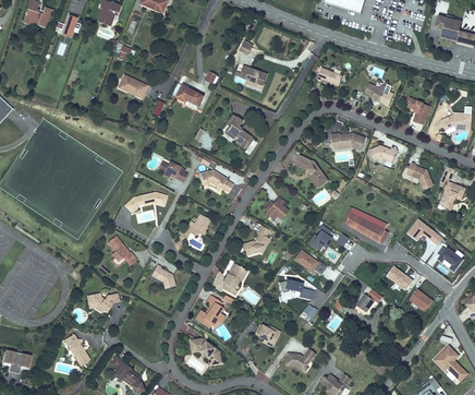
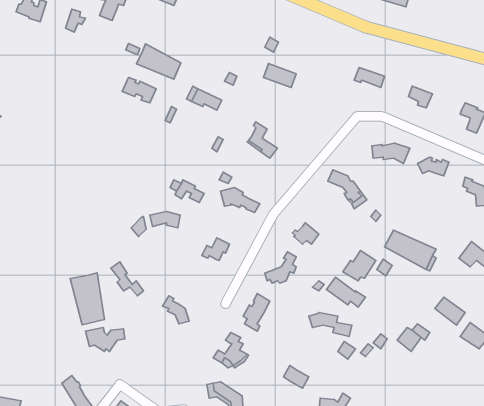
building: none -> [136,44,181,79]
building: none -> [70,273,104,325]

